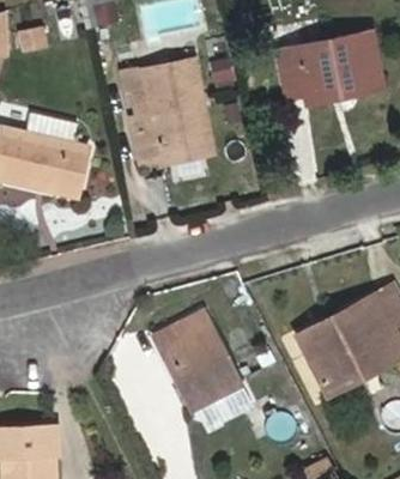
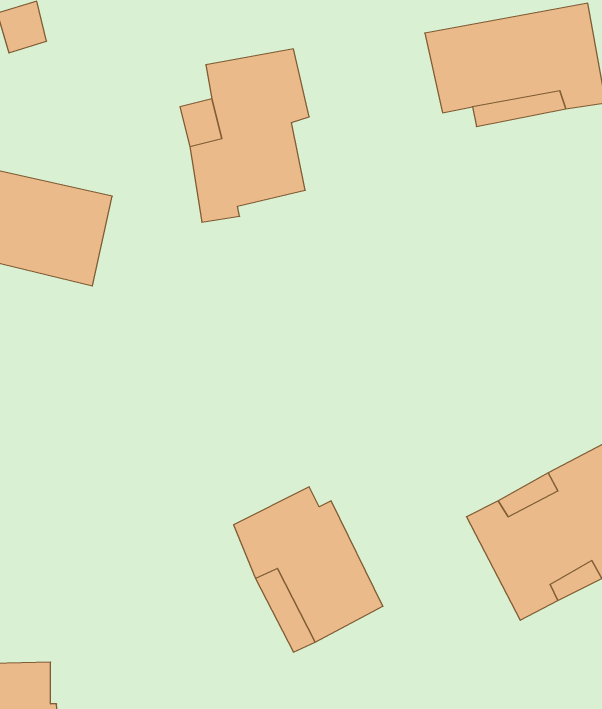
building: [139,96,216,169] -> none

